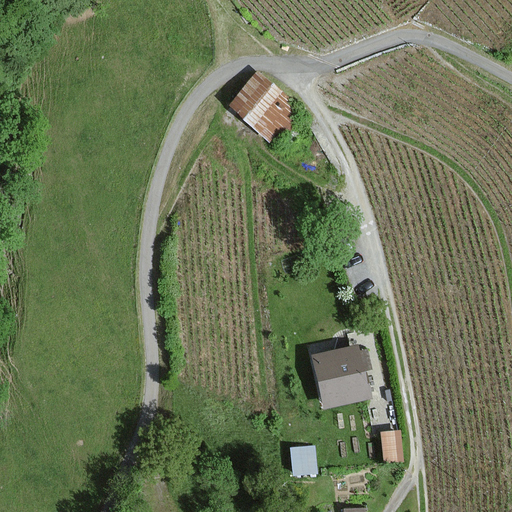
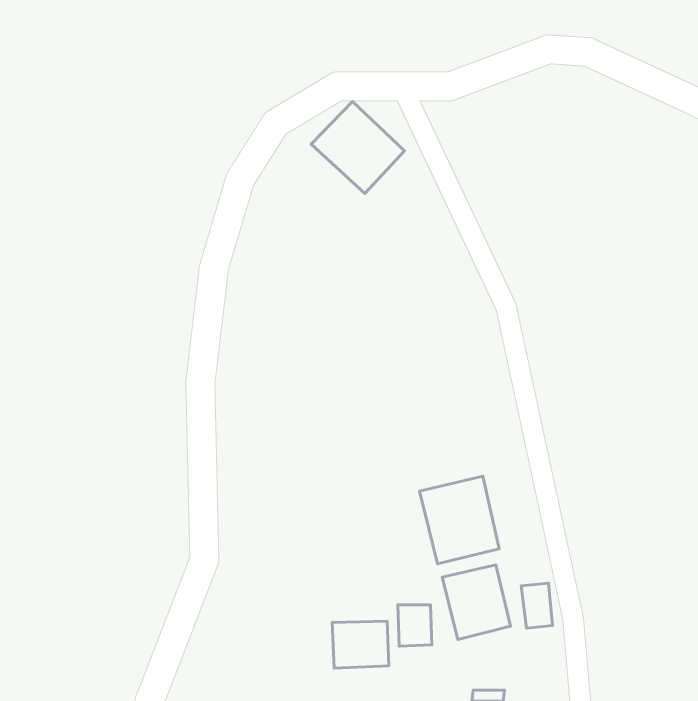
building: none -> [442,565,511,639]
building: none -> [332,621,389,668]

